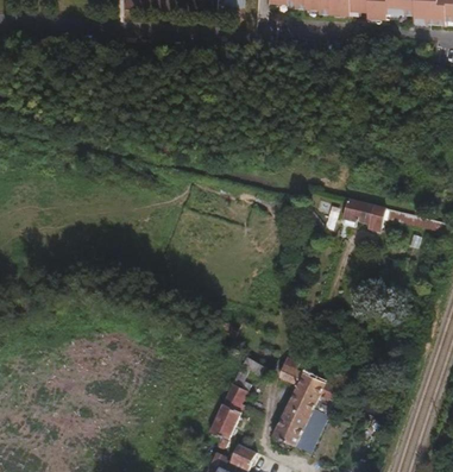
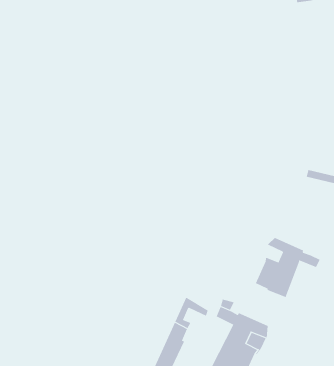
building: [342,200,384,229] -> none
building: none -> [255,237,321,298]

